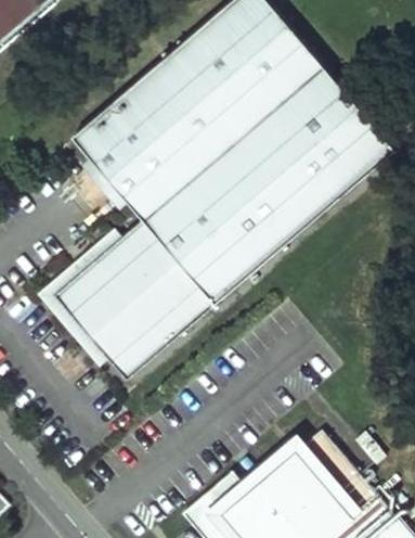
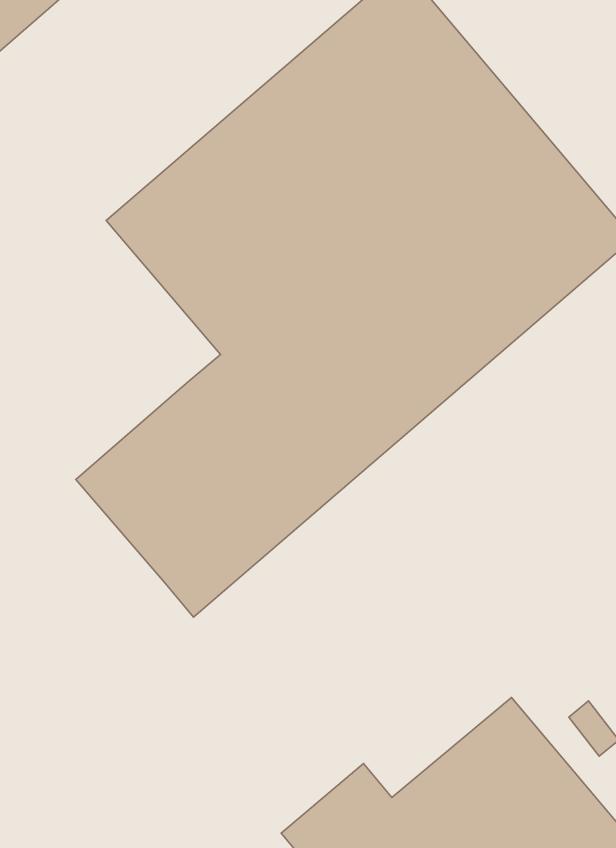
building: [37,229,120,367] -> none

